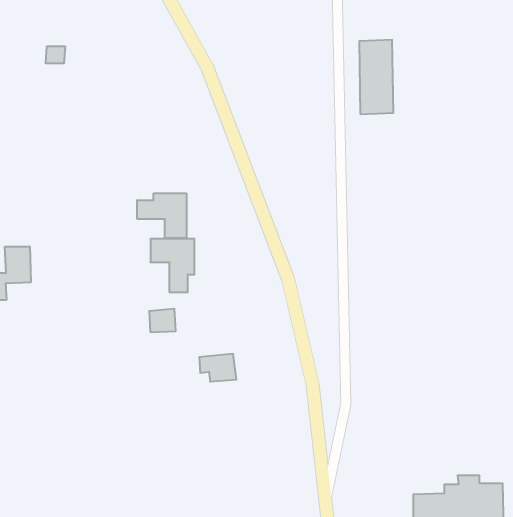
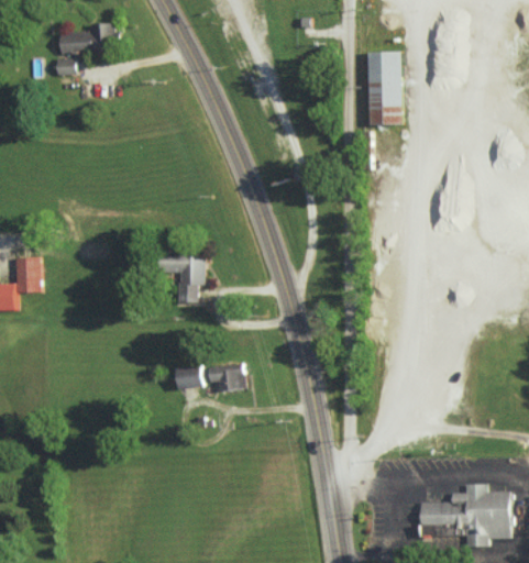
building: none -> [58,23,113,53]
building: [137,193,186,238] -> none
building: [149,309,176,332] -> [175,365,201,388]

